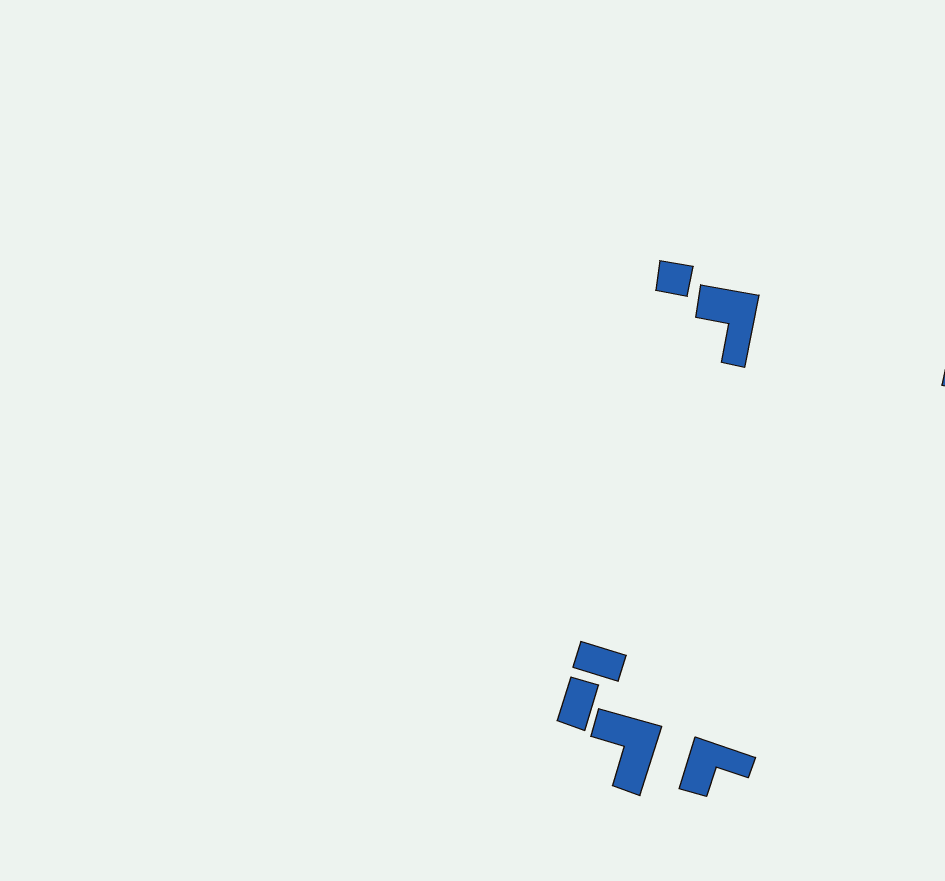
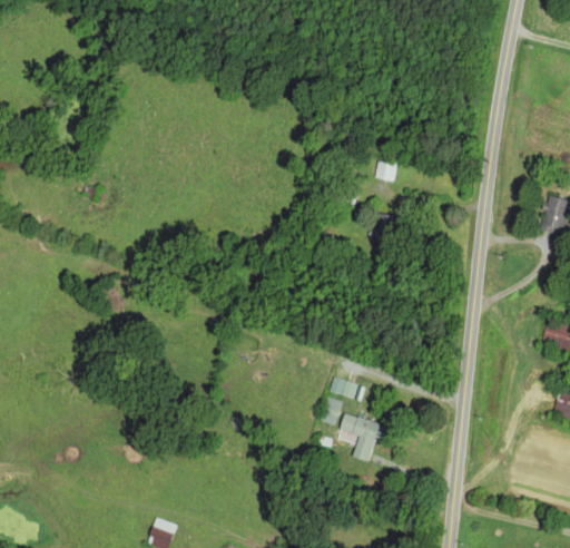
building: [696,285,759,367] -> none
building: [679,737,755,796] -> none

